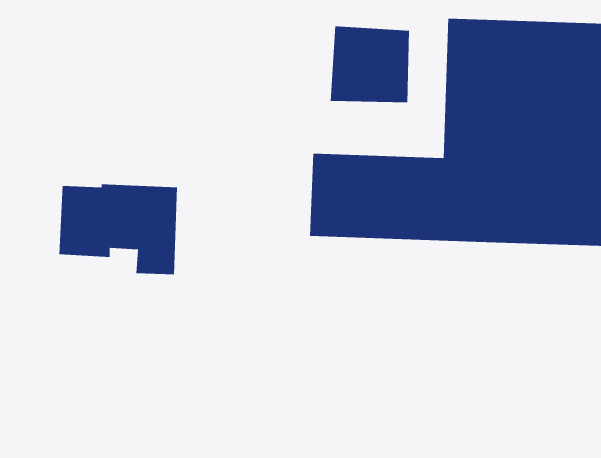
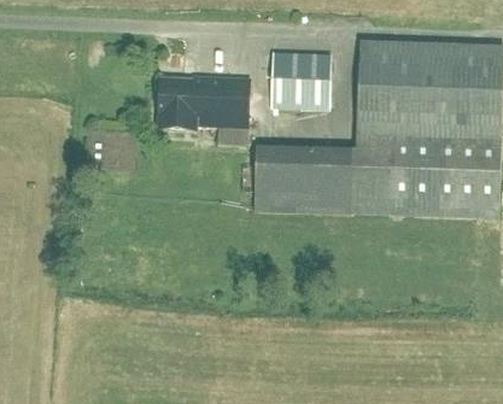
building: [59,184,178,275] -> [158,74,250,144]

